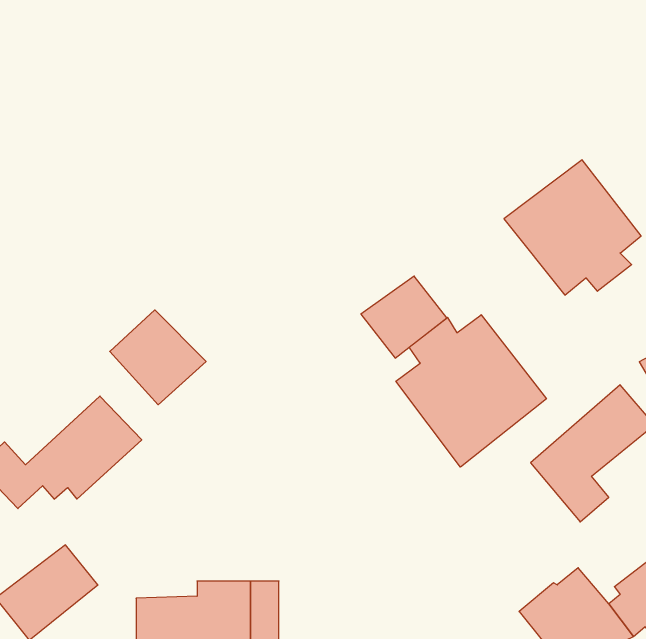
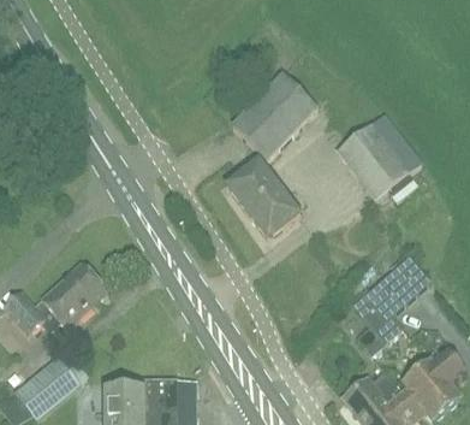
building: none -> [232,75,317,160]
building: none -> [226,159,280,211]
building: [110,310,206,405] -> none
building: [396,315,546,467] -> none

